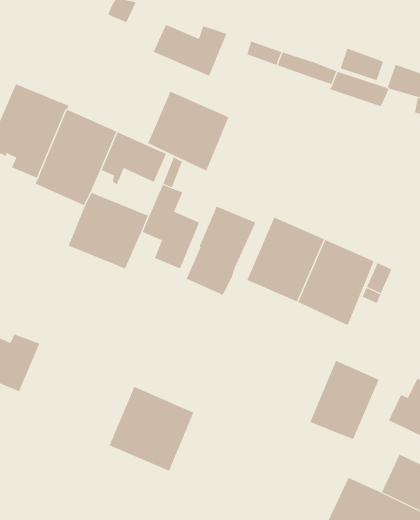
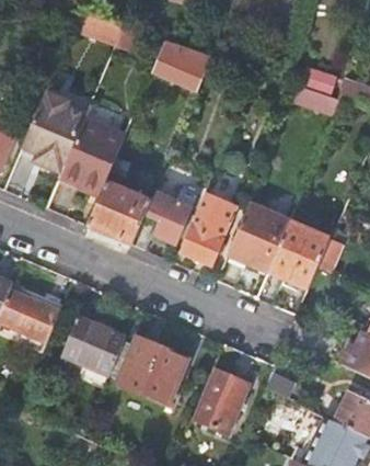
building: [148,91,229,172] -> none
building: [309,360,380,440] -> [193,368,248,432]
building: none -> [65,317,126,375]

